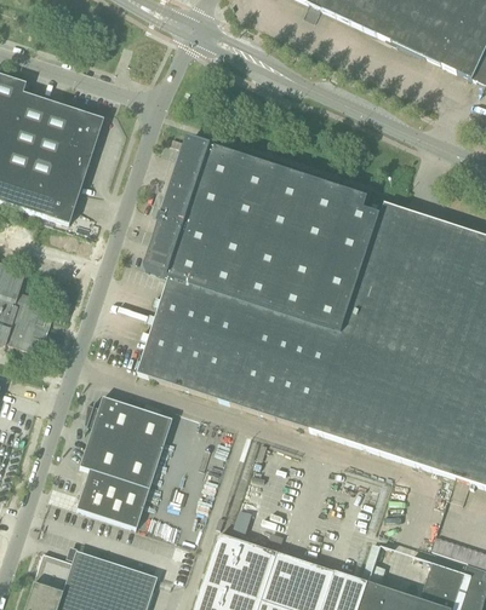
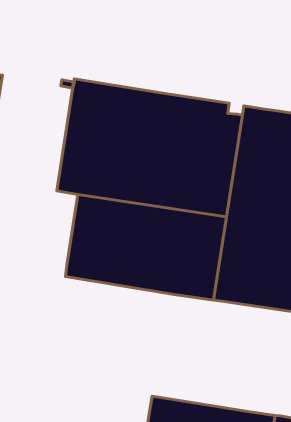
building: [75,396,171,526] -> none

